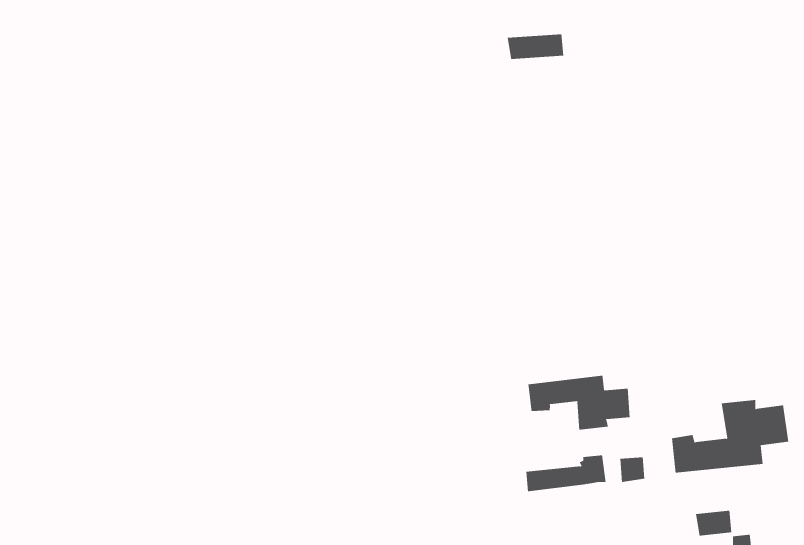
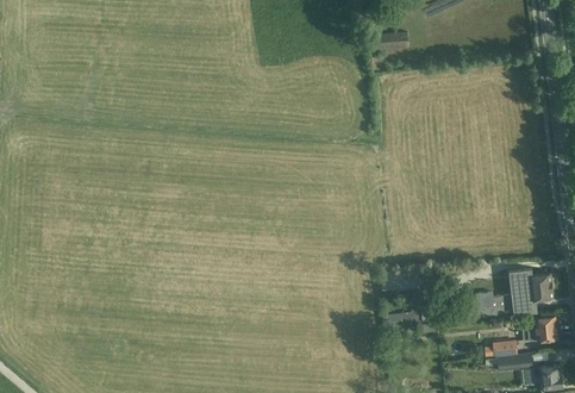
building: [528,375,630,430] -> none
building: none -> [530,312,557,338]

